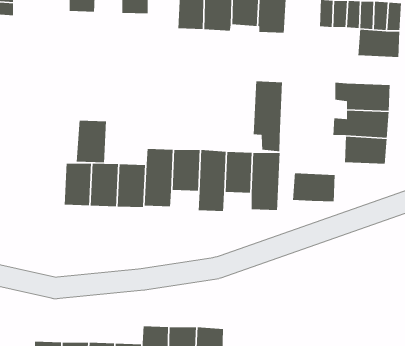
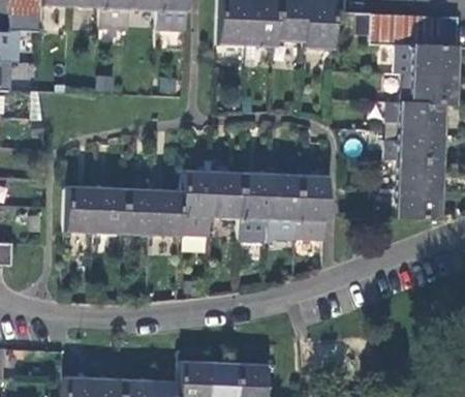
building: none -> [399,72,455,104]
building: [253,80,283,152] -> none
building: [76,120,107,163] -> [64,186,97,233]
building: [292,172,335,202] -> [394,187,440,219]

